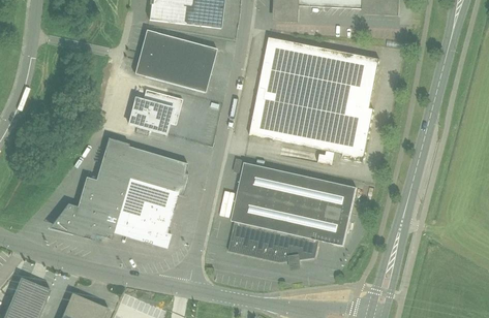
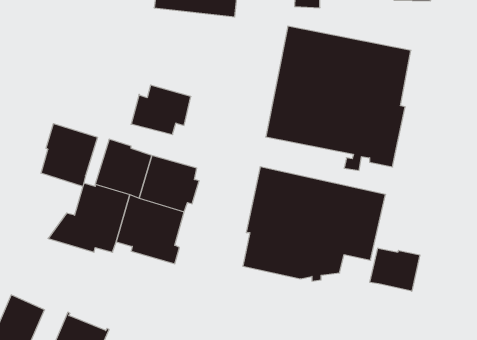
building: [135,29,217,91] -> none
building: none -> [41,124,98,187]
building: none -> [370,248,420,291]

